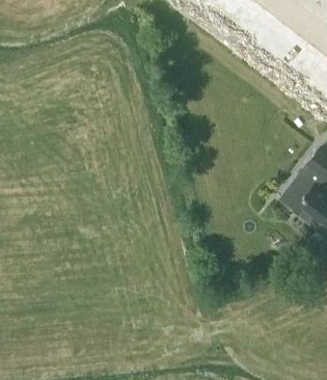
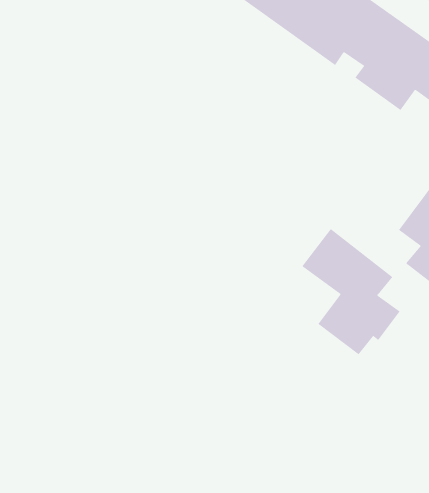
building: none -> [302,228,400,355]

